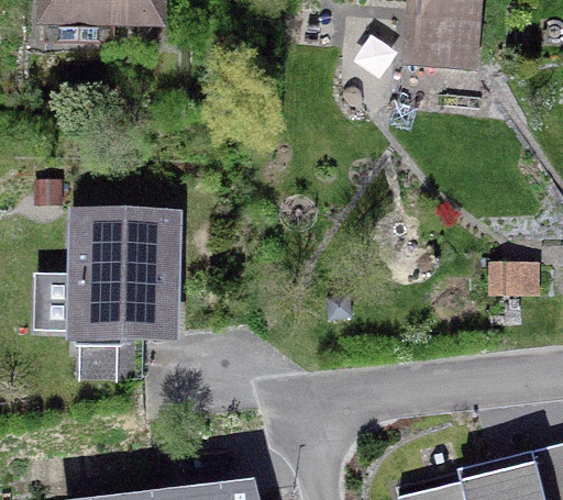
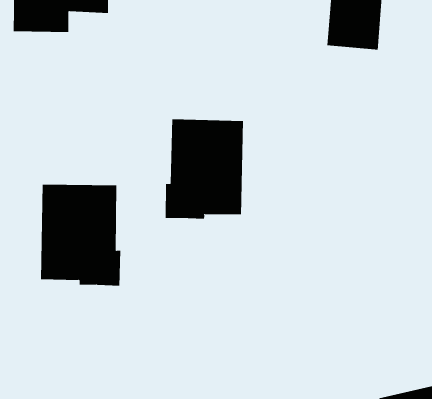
building: none -> [165,119,243,219]

